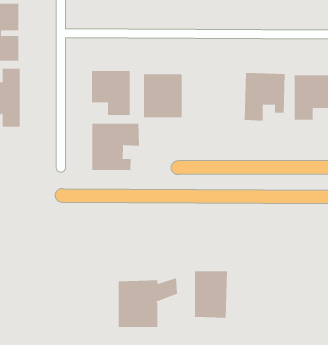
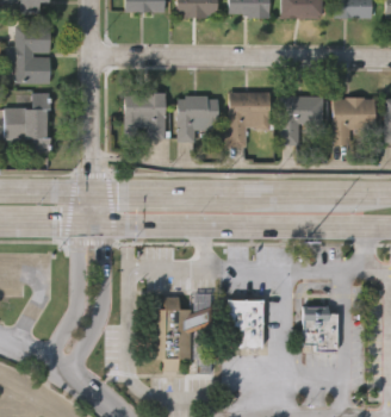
building: none -> [228,92,269,147]
building: [92,123,139,171] -> none
building: none -> [304,305,339,350]

